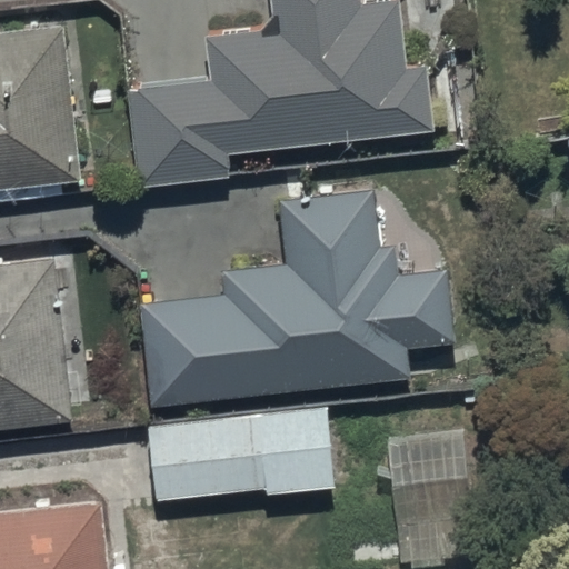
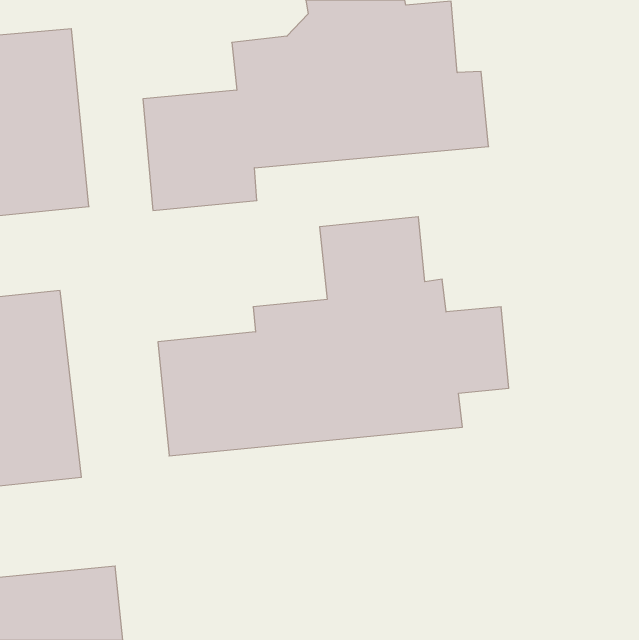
building: [147,409,333,500] -> none
building: [385,421,481,560] -> none

